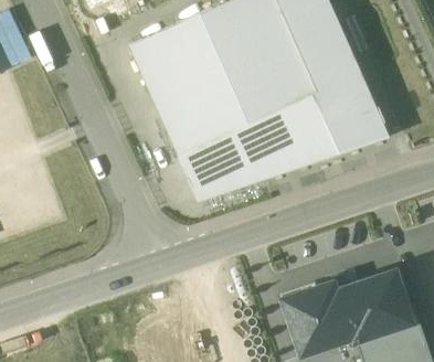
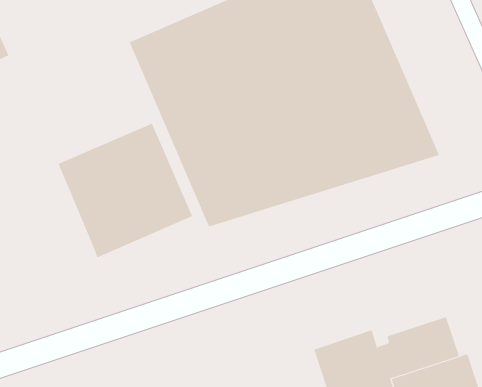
building: none -> [58,123,193,258]

